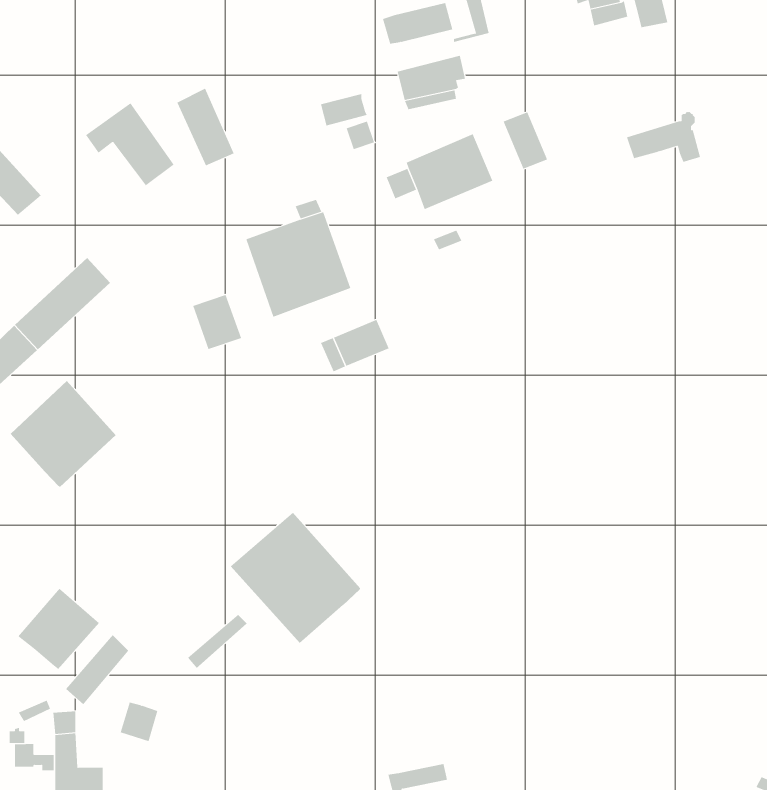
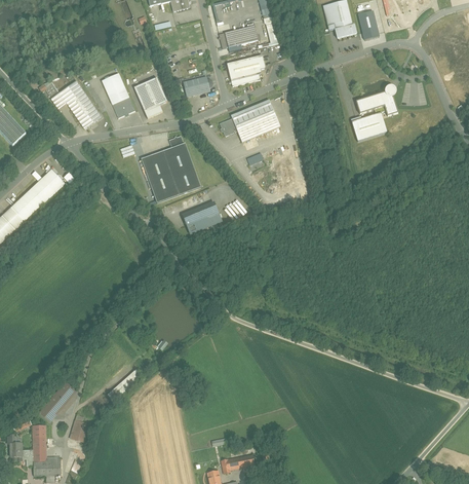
building: none -> [133,77,166,117]
building: [503,112,548,170] -> none
building: none -> [351,112,387,141]
building: [192,294,242,350] -> none
building: [10,380,116,487] -> none
building: [230,512,361,644] -> none
building: [18,588,100,670] -> none

